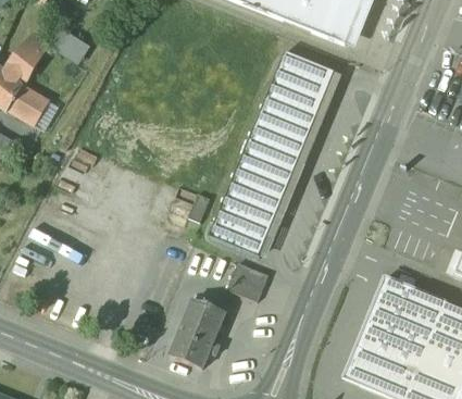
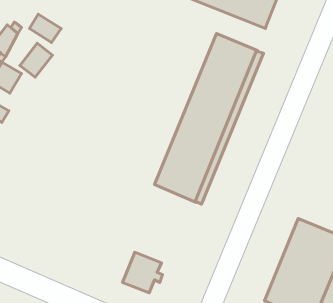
building: none -> [20,43,52,77]
building: [228,262,270,301] -> none
building: [186,298,226,331] -> none

